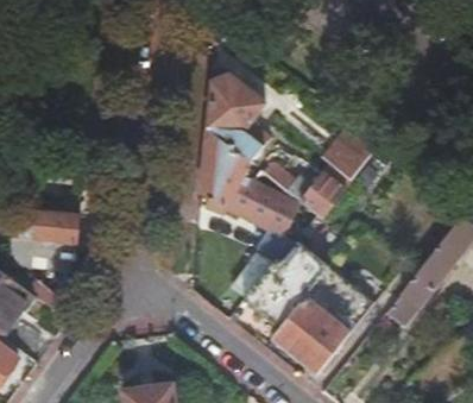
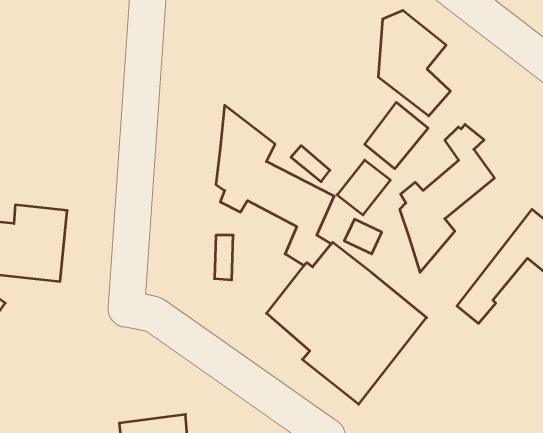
building: [208,74,267,160] -> [378,10,450,116]
building: none -> [400,124,494,272]

